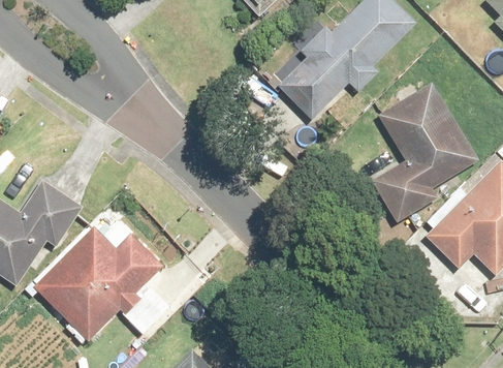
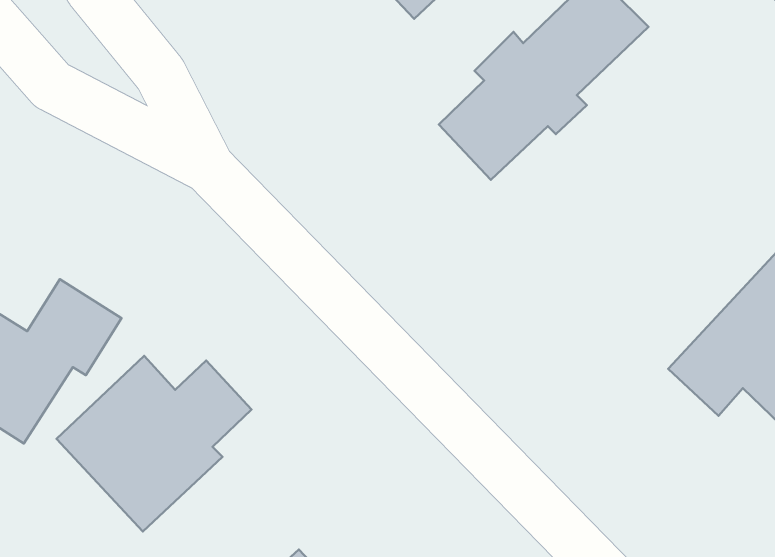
building: [371,84,476,218] -> none

